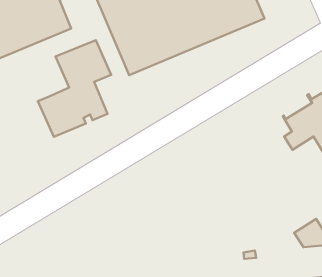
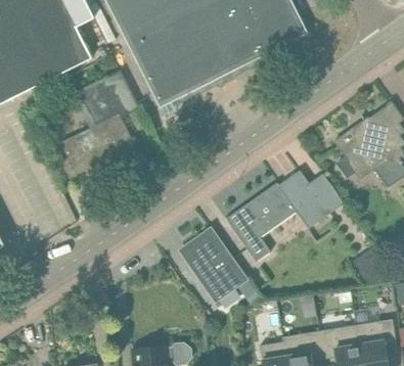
building: none -> [225,169,344,261]
building: none -> [187,237,248,300]

